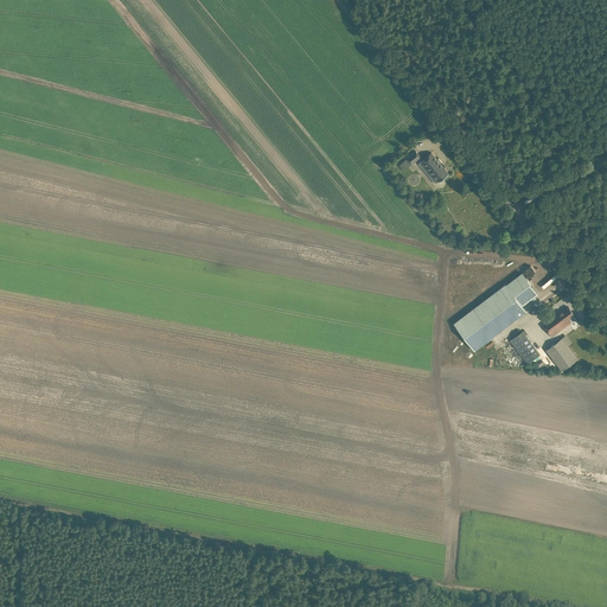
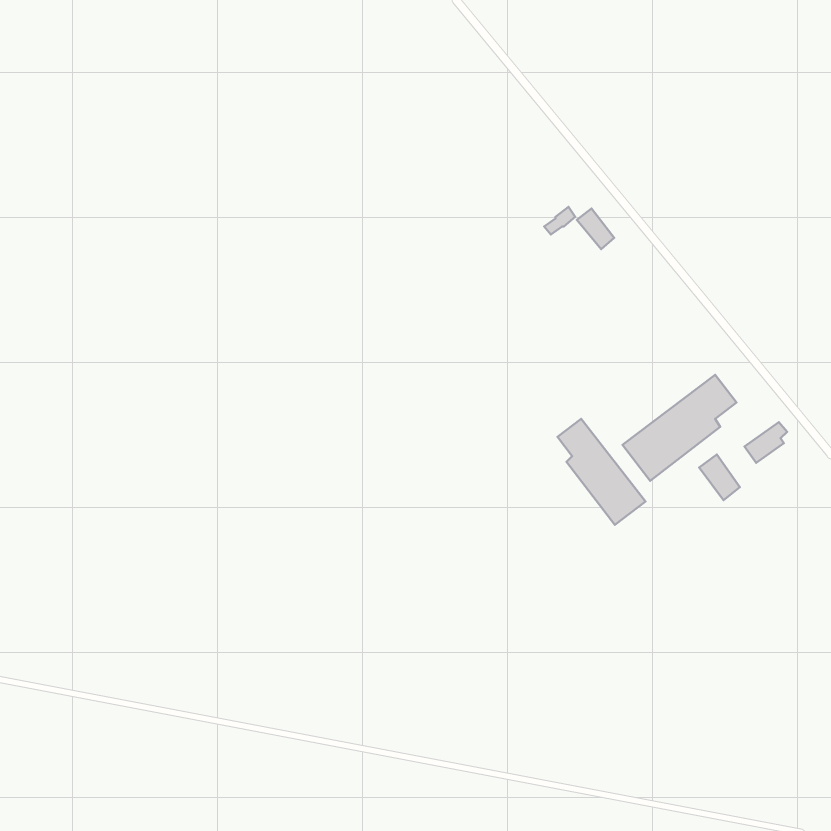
building: none -> [558,419,646,525]
building: [544,339,576,372] -> none

